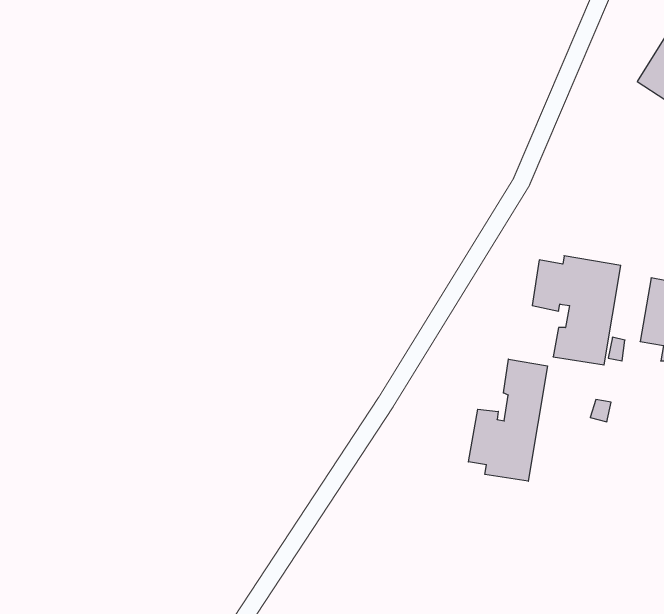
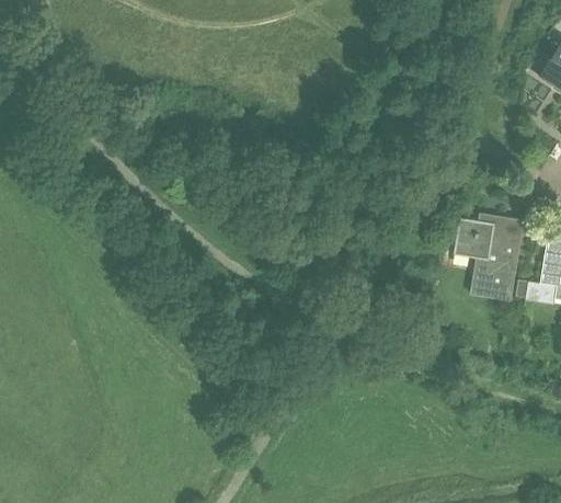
building: [468,359,547,481] -> none

